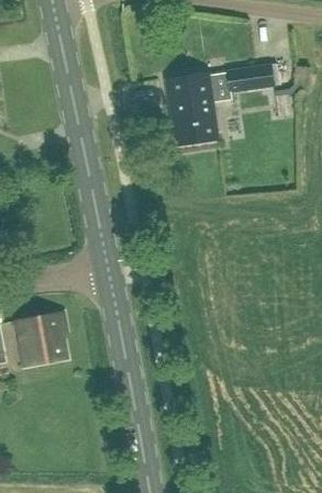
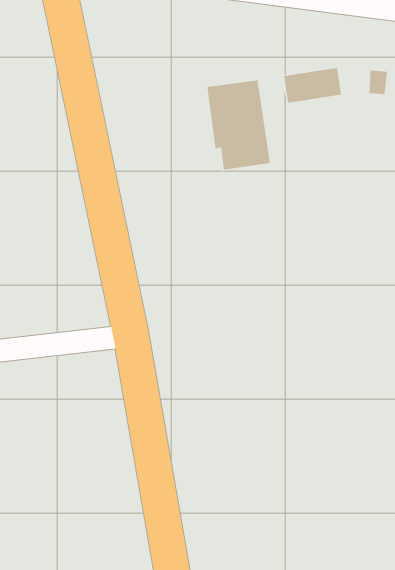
building: [15,311,66,366] -> none

